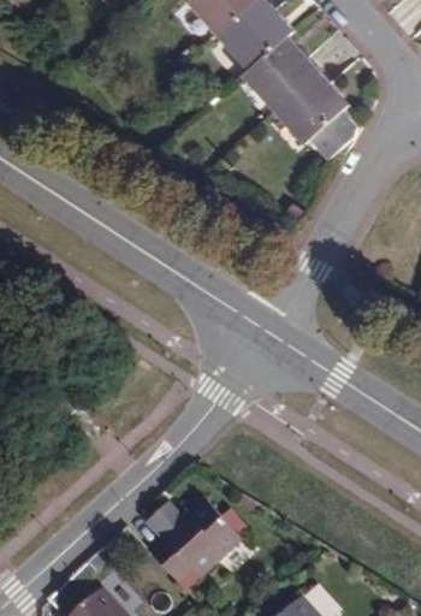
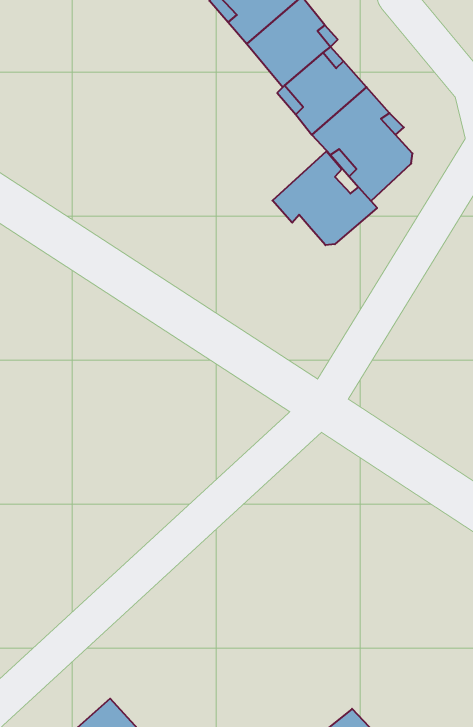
building: none -> [272,151,377,245]
building: [152,496,244,581] -> none

